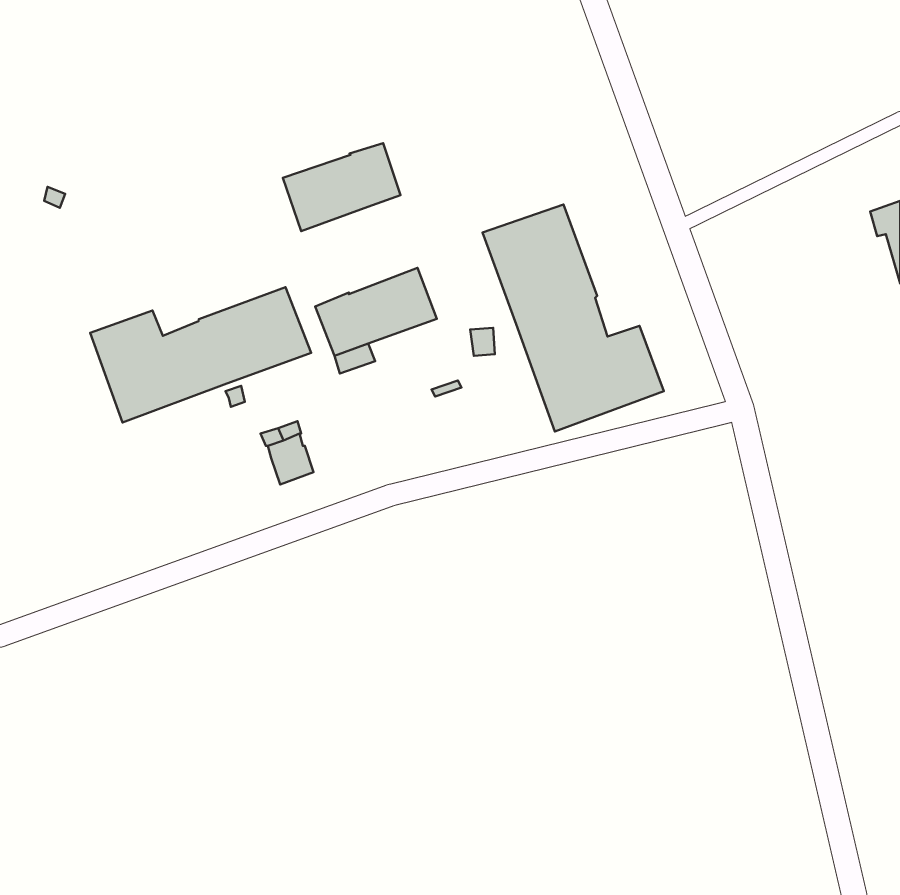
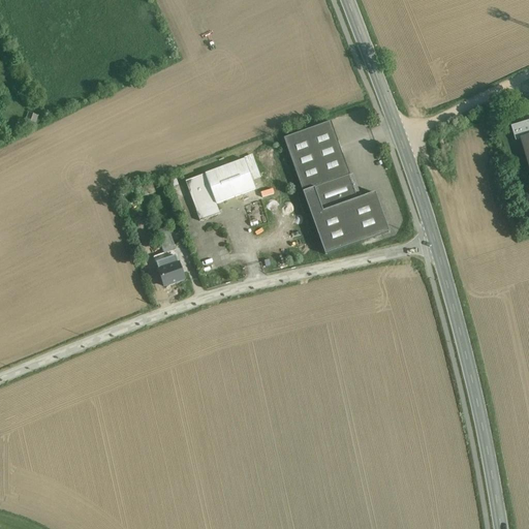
building: [283,143,400,231] -> none
building: [90,287,311,422] -> none

